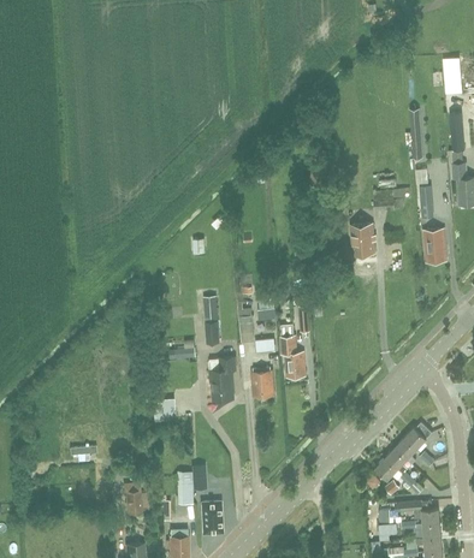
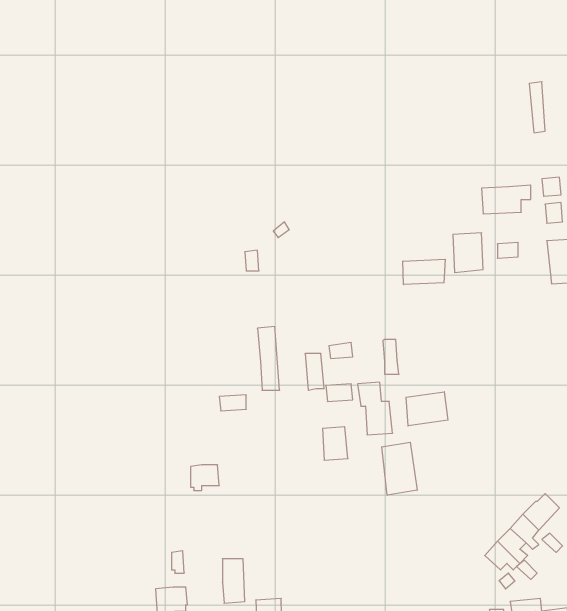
building: none -> [403,259,445,285]
building: none -> [406,392,448,426]
building: [209,357,236,399] -> none
building: none -> [382,442,417,495]

